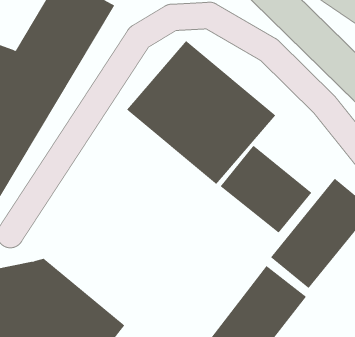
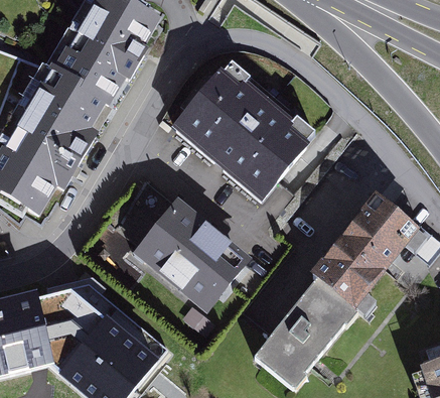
building: [220,145,312,233] -> none
building: none -> [129,203,251,320]

